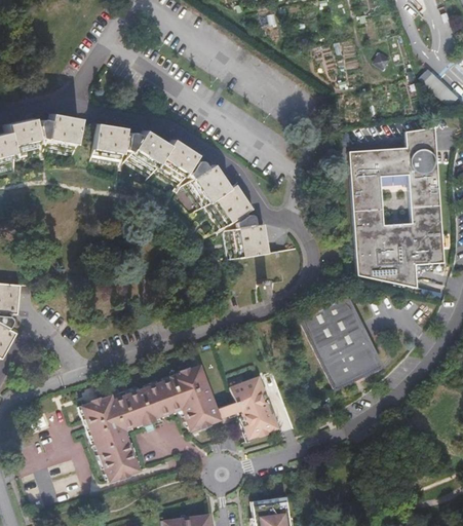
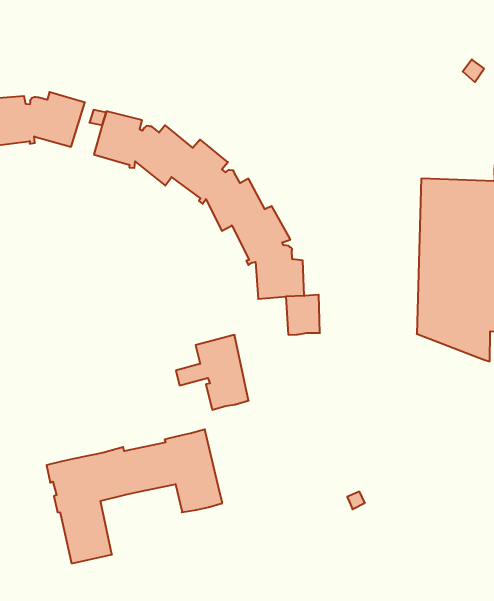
building: [300,294,382,387] -> none
building: [217,376,276,437] -> [176,335,249,410]

